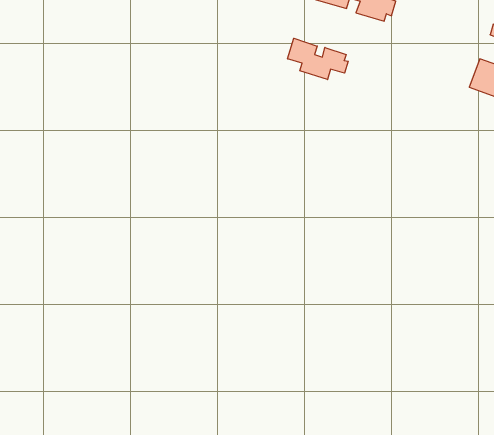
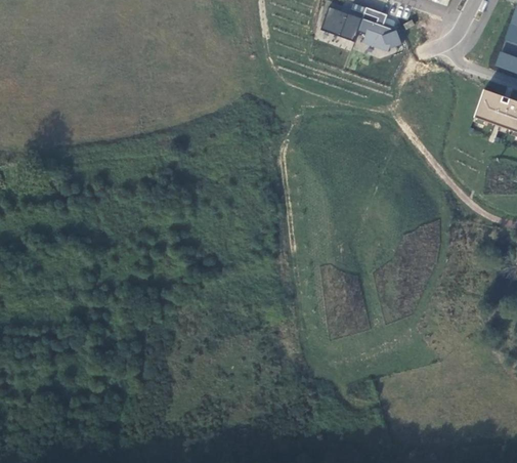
building: [288,38,348,80] -> none

